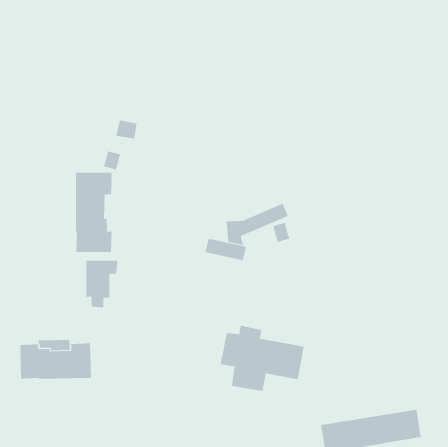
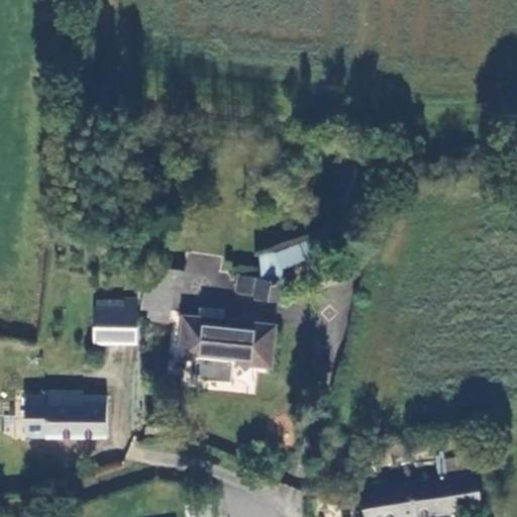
building: [75,172,112,253] -> none
building: [220,325,305,391] -> [177,307,274,383]

